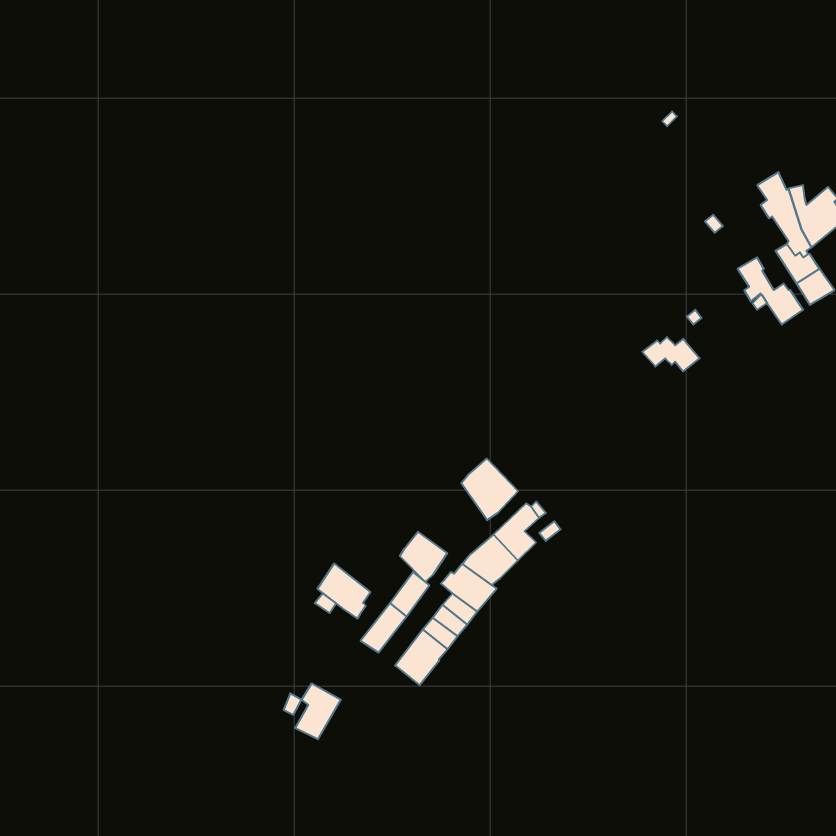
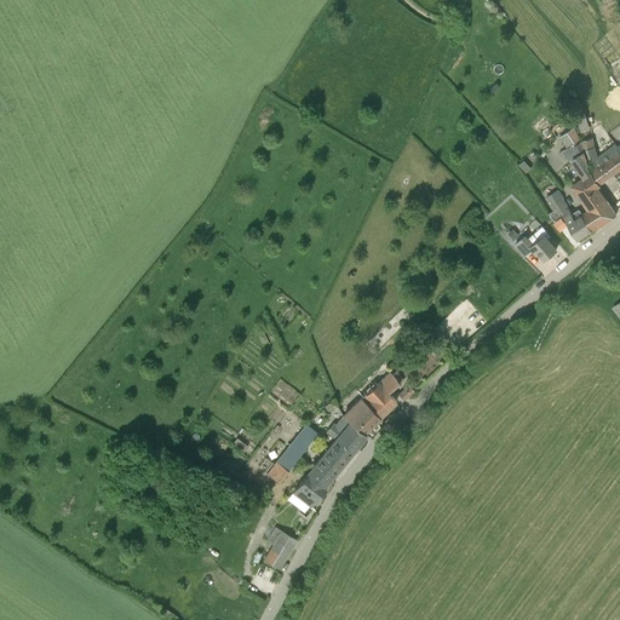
building: [642,337,700,371] -> [516,235,558,260]
building: [461,459,518,520] -> none
building: [400,532,447,582] -> none
building: [318,563,370,619] -> none
building: [295,684,341,739] -> [264,529,298,570]

